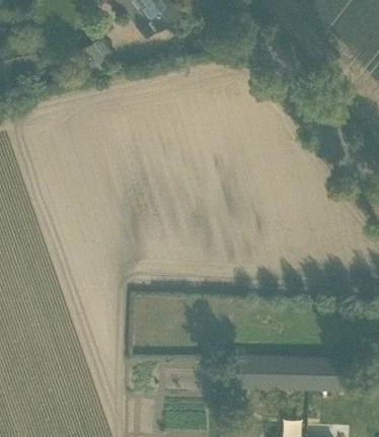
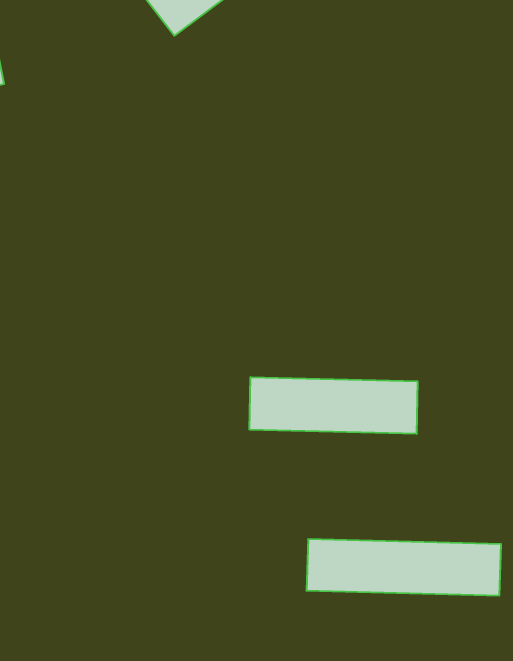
building: none -> [250,377,418,434]

